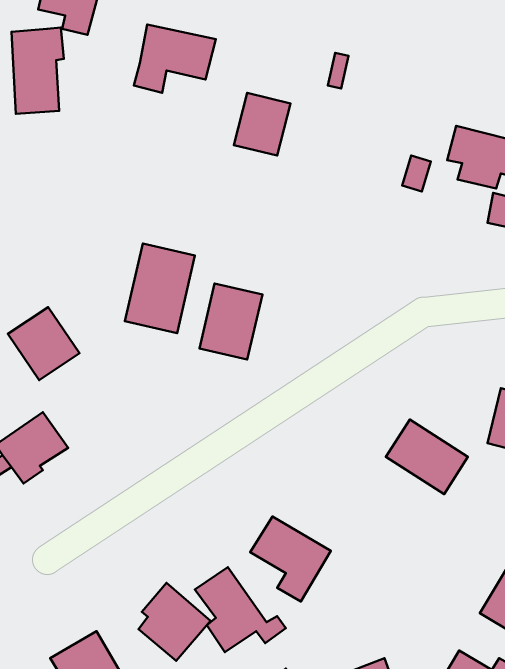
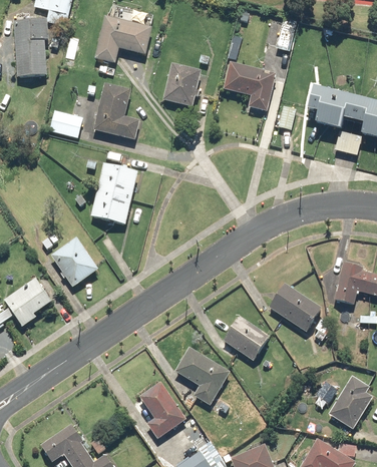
building: none -> [223,63,276,109]
building: none -> [93,84,138,139]
building: none -> [48,109,82,139]
building: [199,284,262,360] -> none
building: [8,307,80,380] -> [51,238,99,287]
building: none -> [222,316,269,361]
building: [138,583,211,661] -> none

